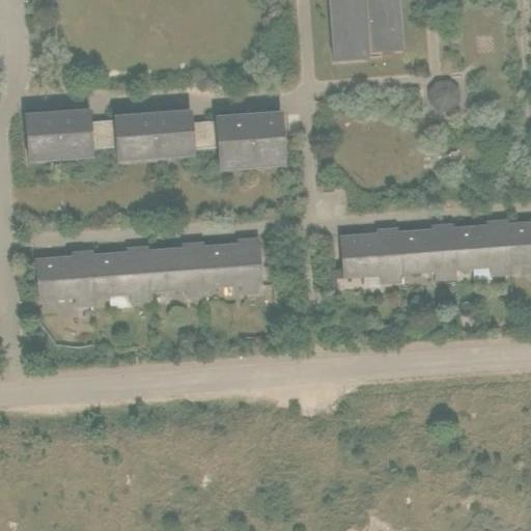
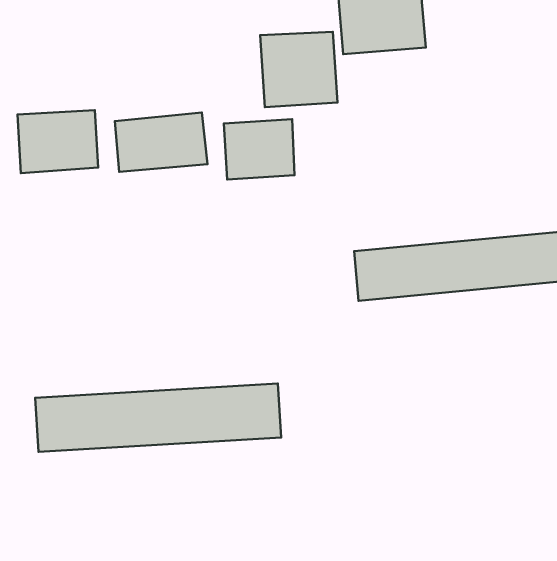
building: none -> [260,32,338,107]
building: [36,241,268,305] -> [35,384,281,452]

